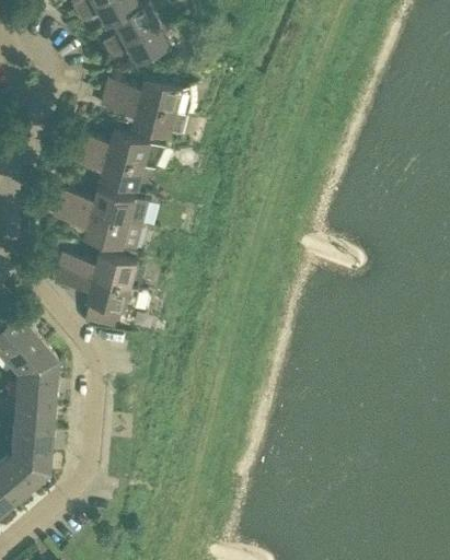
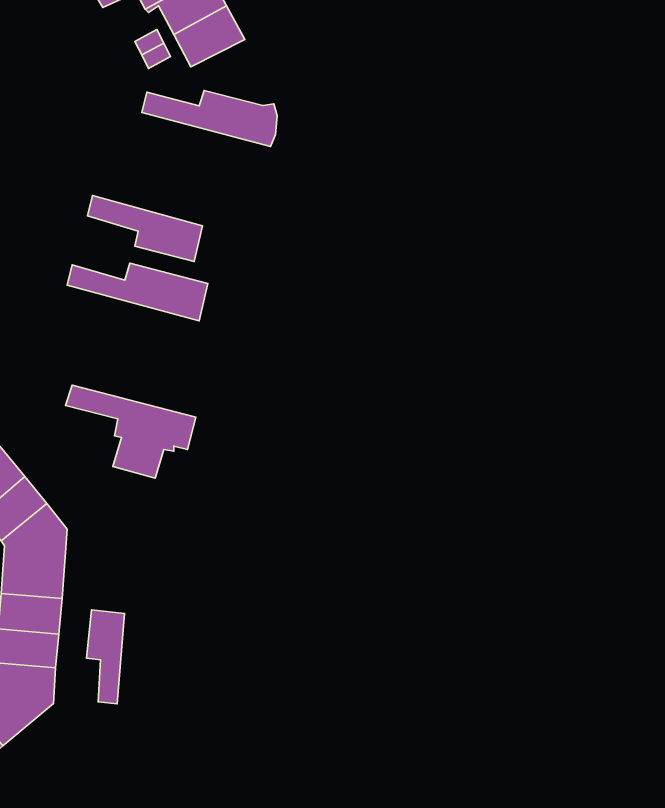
building: [101,92,188,135] -> none
building: [73,130,166,168] -> none
building: [54,203,142,249] -> none
building: [60,254,146,289] -> none
building: none -> [86,610,125,704]

